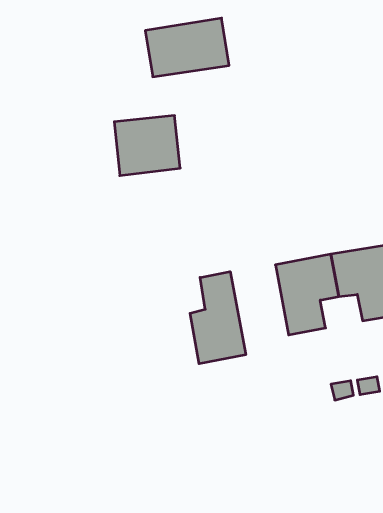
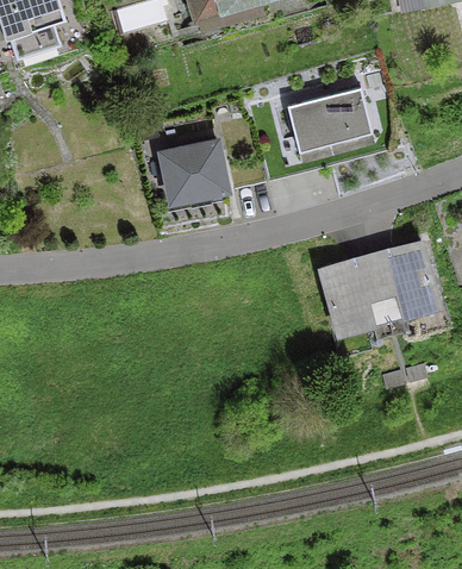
building: [145,18,229,77] -> [293,90,373,150]
building: [190,272,246,364] -> none

